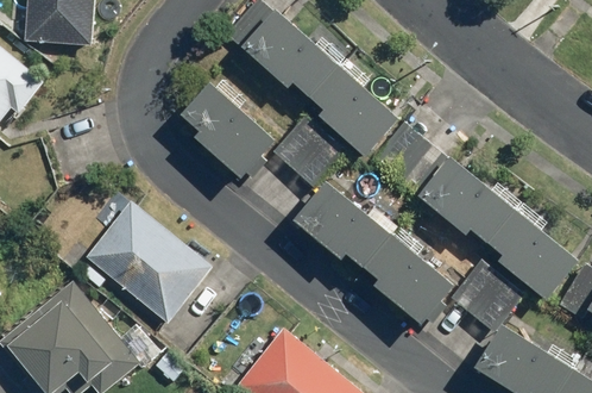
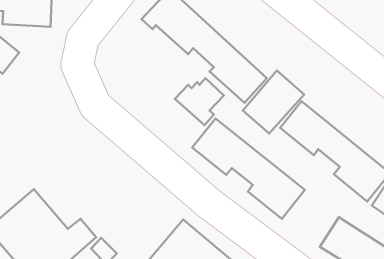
building: [183,80,277,182] -> none
building: [82,201,207,323] -> none
building: [447,258,517,333] -> none

